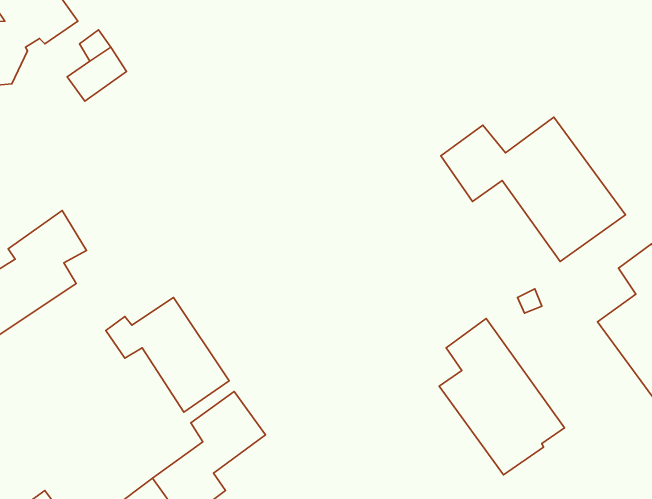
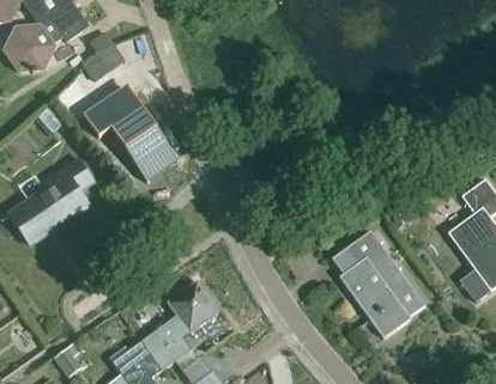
building: [441,117,626,262] -> none
building: [106,297,229,412] -> [86,92,171,171]

